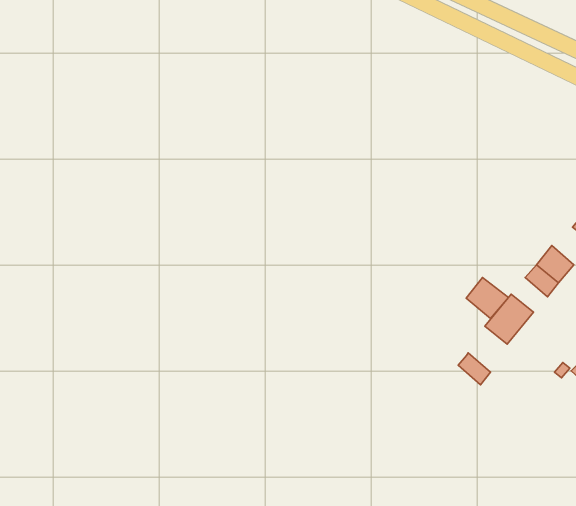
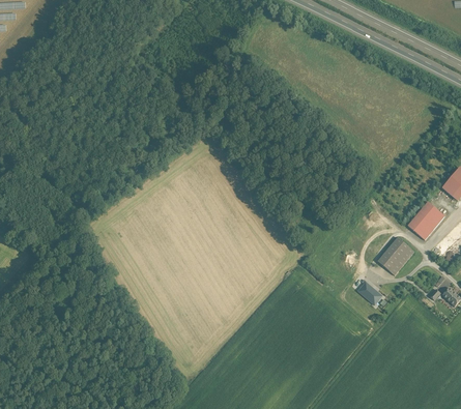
building: [466,278,509,318] -> none

